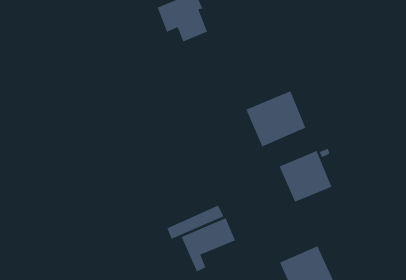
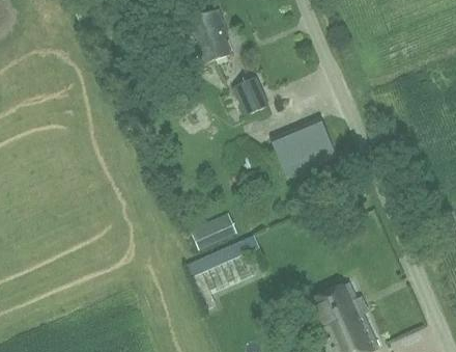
building: none -> [230,77,263,113]
building: [279,150,332,203] -> none
building: none -> [191,210,237,248]

